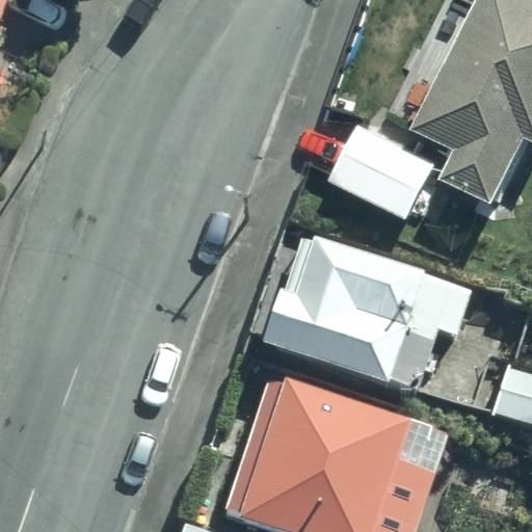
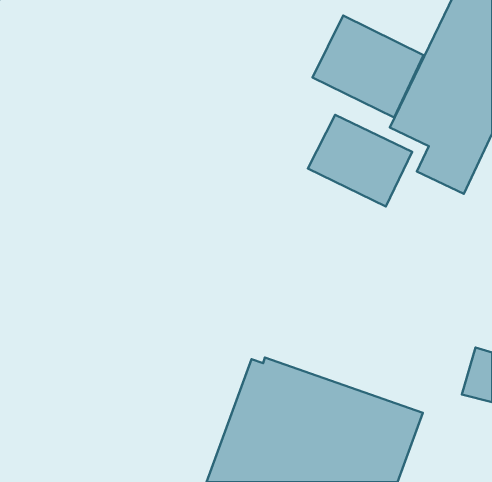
building: none -> [312,15,423,117]
building: [262,242,471,395] -> none

